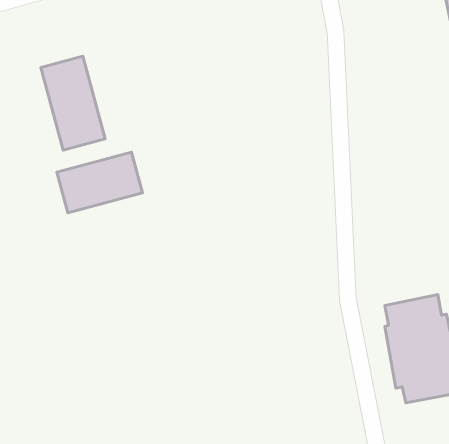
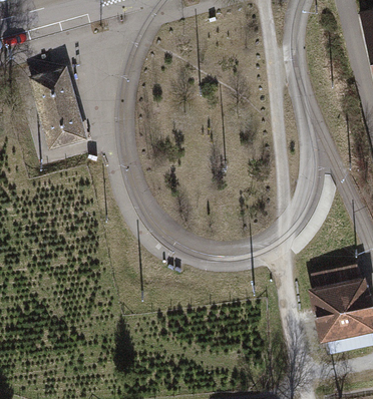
building: [57,152,143,213] -> none

